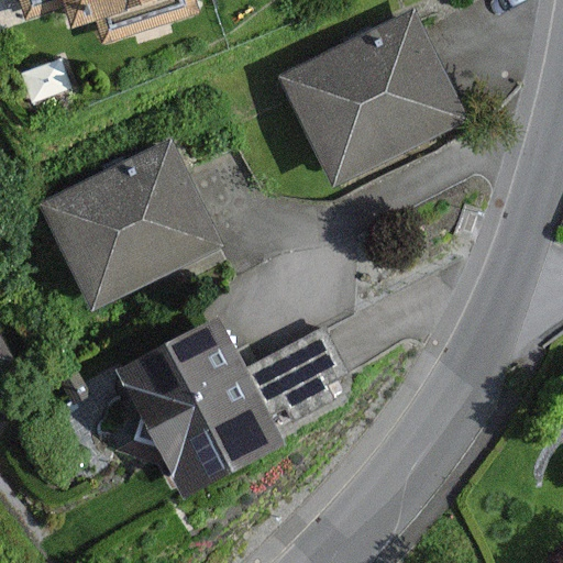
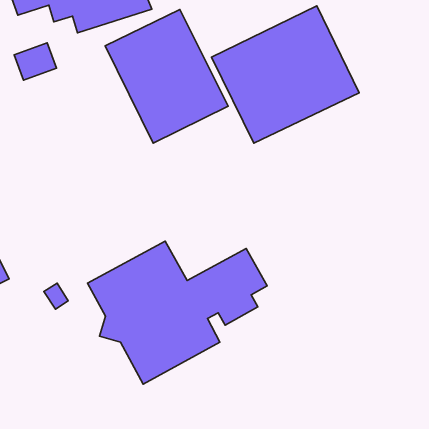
building: none -> [105,9,228,143]
building: [37,137,224,311] -> none

